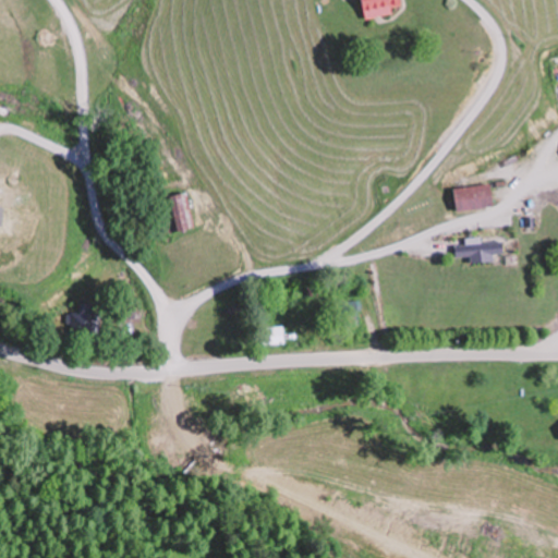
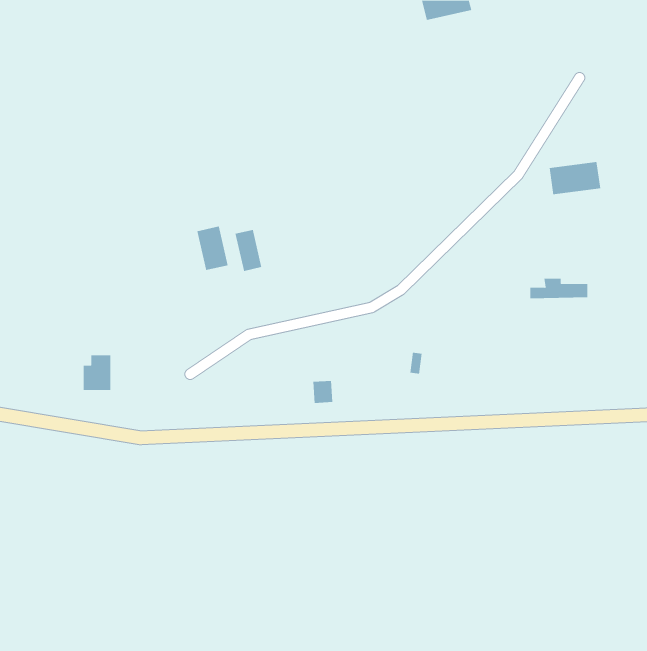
building: [450,183,495,211] -> [549,162,601,195]
building: none -> [235,229,262,272]

